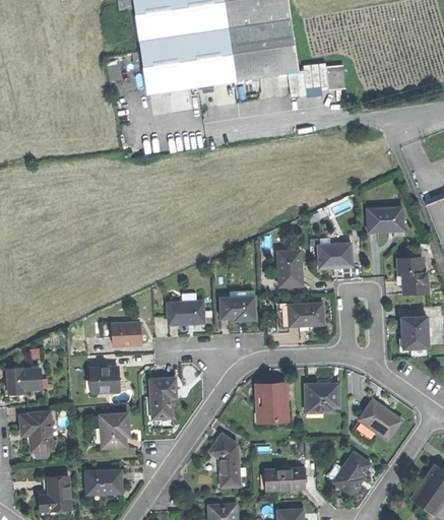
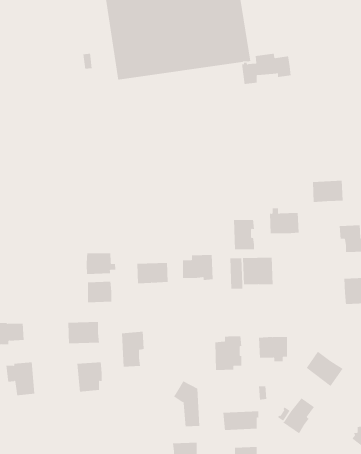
building: none -> [86,252,116,275]
building: [86,469,122,494] -> none
building: [40,476,71,510] -> none

